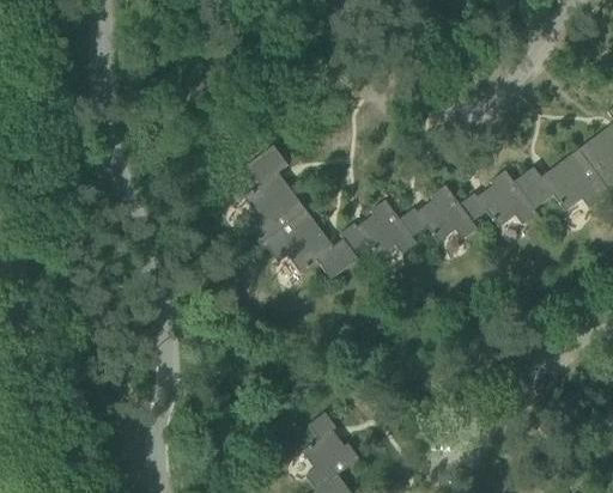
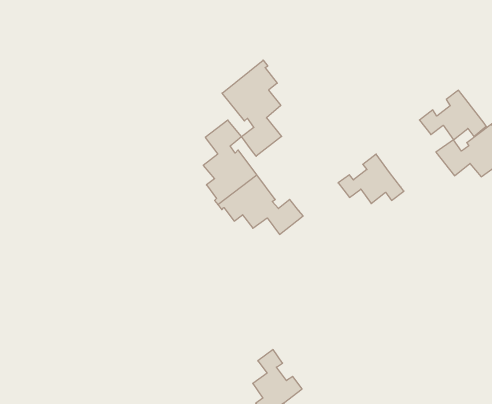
building: none -> [222,60,282,156]
building: [460,171,538,229] -> [419,90,486,140]
building: [340,199,419,256] -> none

